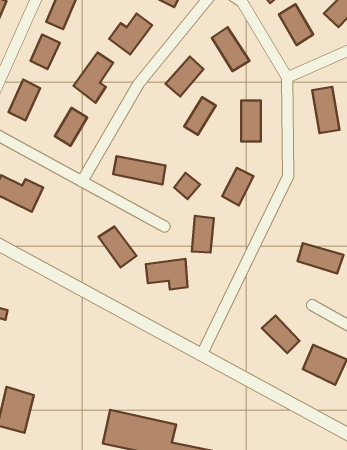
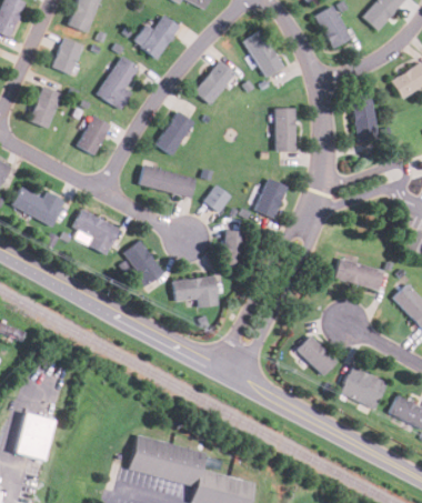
building: [184,97,216,135] -> [158,113,191,153]
building: none -> [72,209,120,255]

